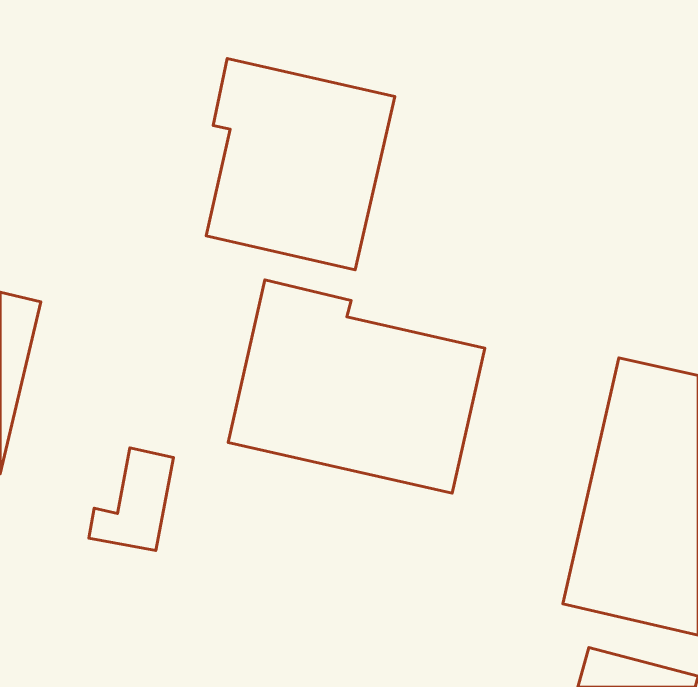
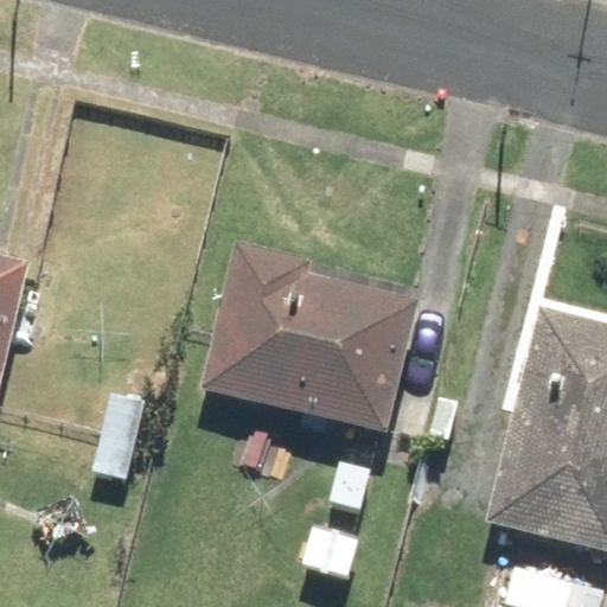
building: [206,59,395,270] -> none

